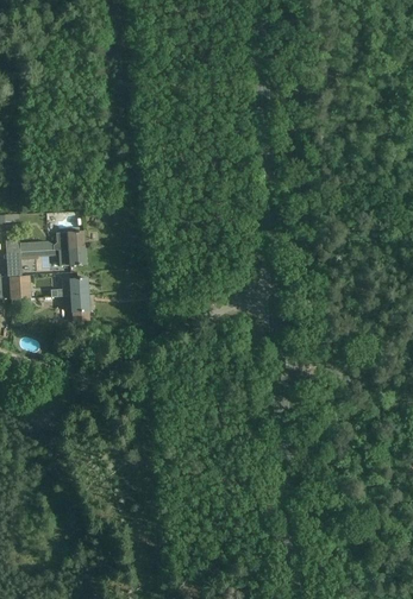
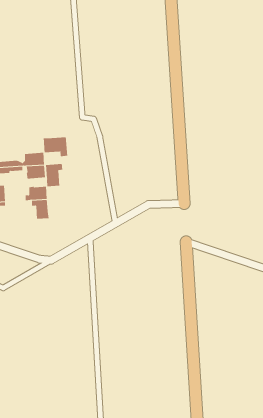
building: none -> [43,136,68,157]
building: none -> [46,163,63,187]

